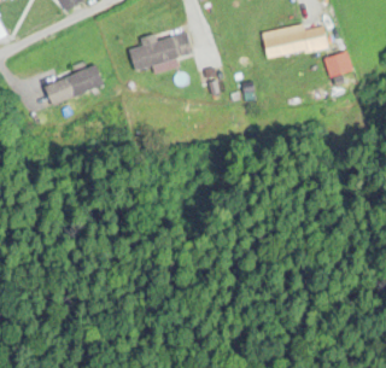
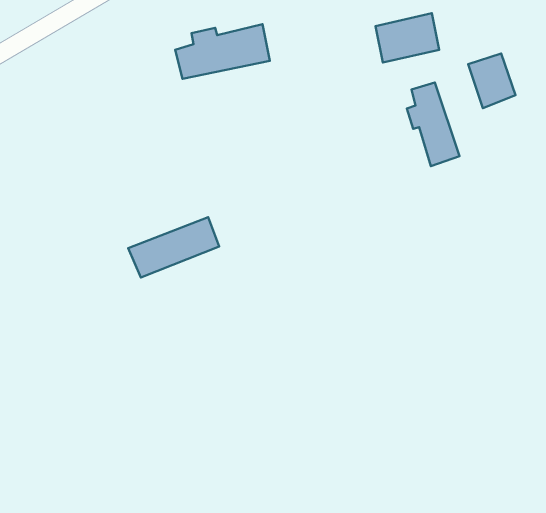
building: [43,65,104,105] -> [128,217,219,277]
building: none -> [407,83,459,166]

